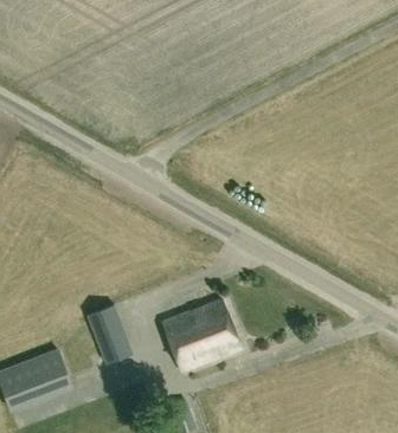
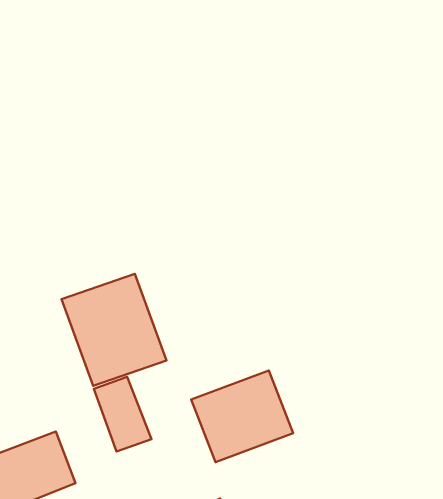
building: none -> [62,274,166,386]

